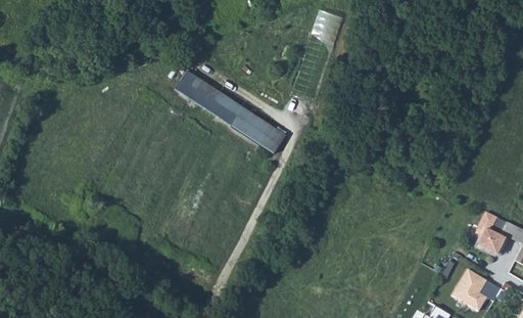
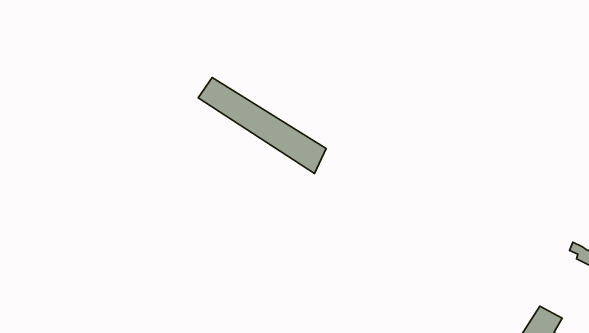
building: [476,209,505,252] -> none

